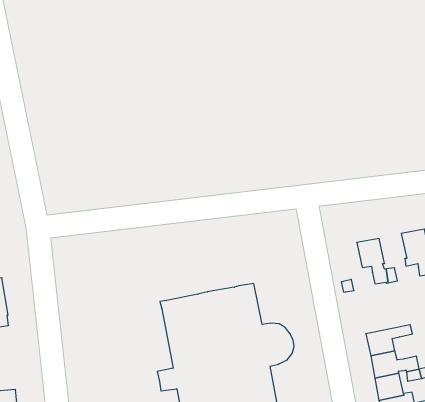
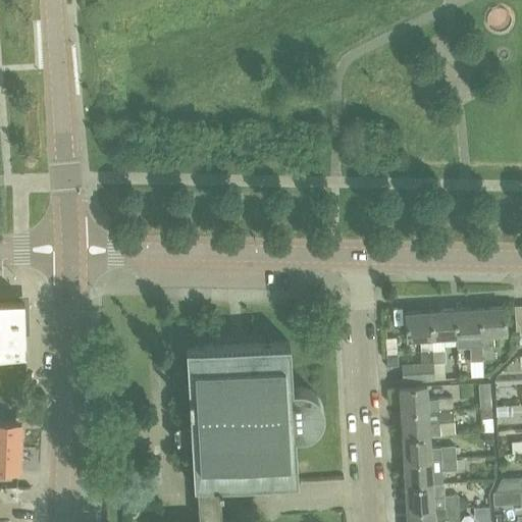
building: none -> [431,313,458,343]
building: none -> [400,363,433,382]
building: none -> [402,389,452,415]

